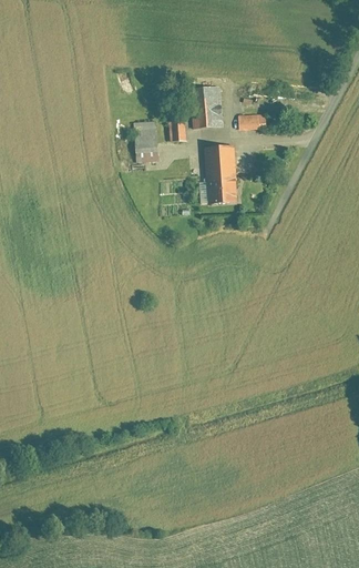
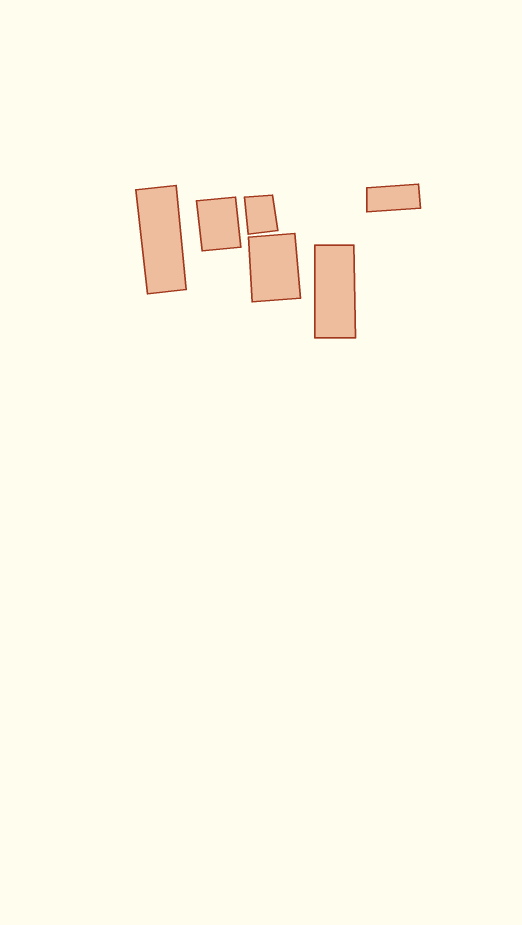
building: [189,88,220,129] -> [249,233,300,302]
building: none -> [136,186,186,294]

